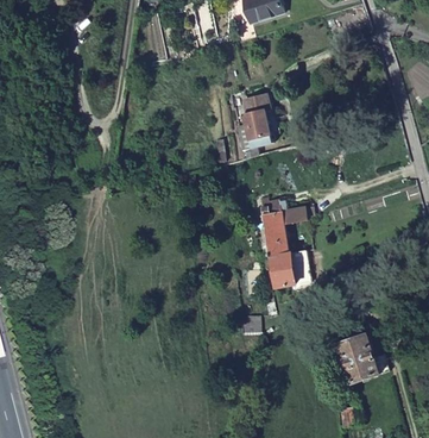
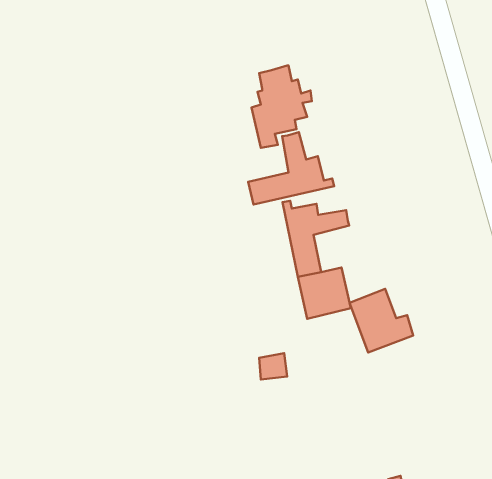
building: none -> [248,132,334,205]
building: [340,332,389,381] -> [350,289,413,352]

